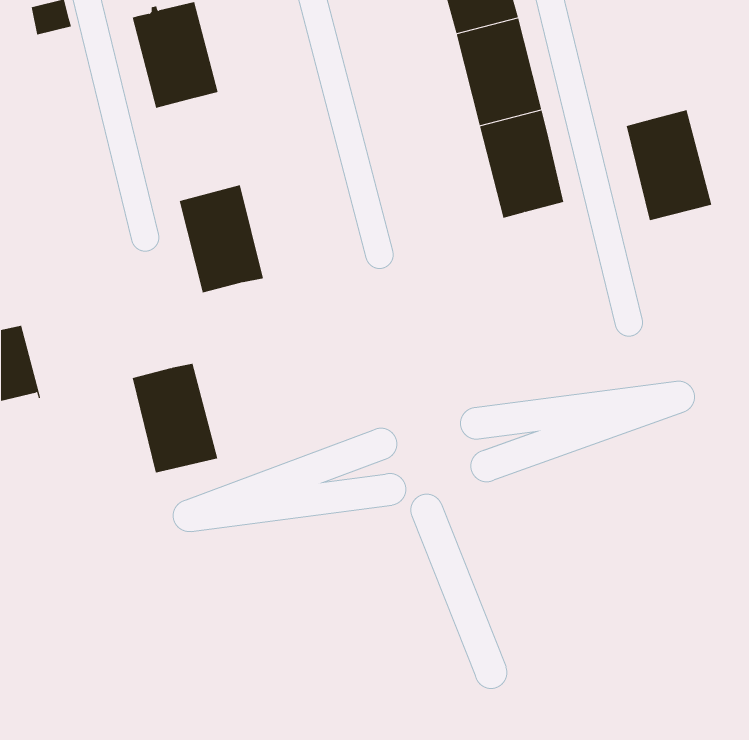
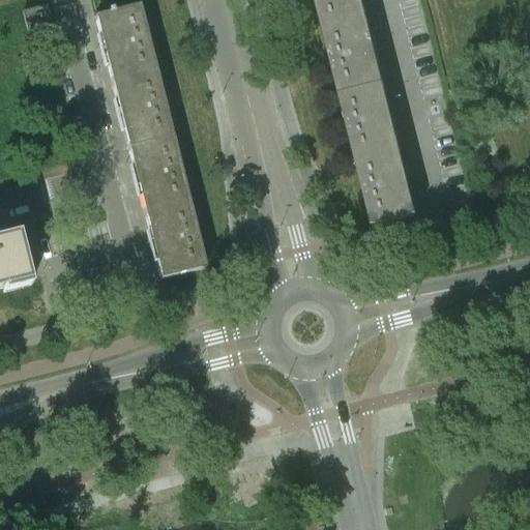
building: none -> [110,65,170,142]
building: [626,110,712,221] -> [355,143,416,222]
building: [132,363,218,473] -> [143,197,204,274]

